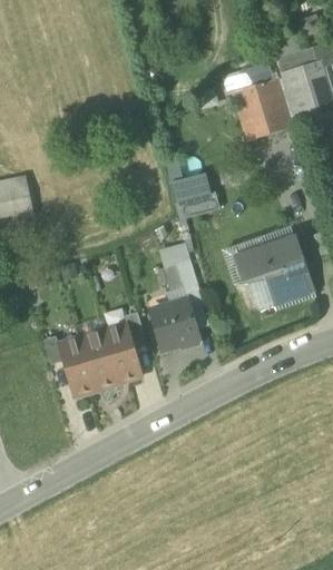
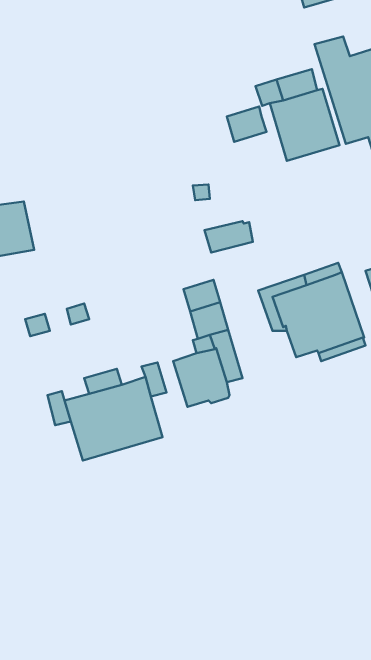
building: none -> [227,106,267,142]
building: [174,174,210,199] -> none

